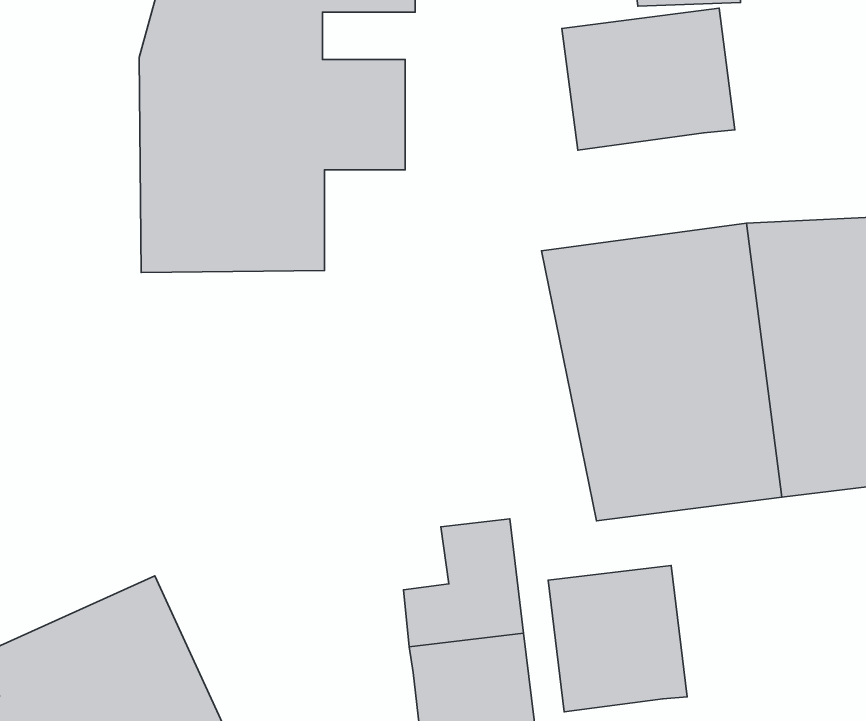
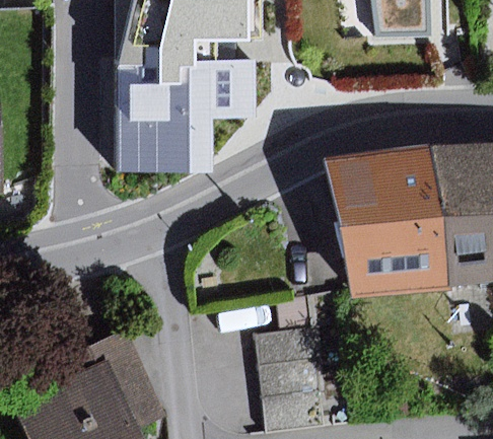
building: [562,8,735,150] -> none
building: [548,565,687,712] -> none

